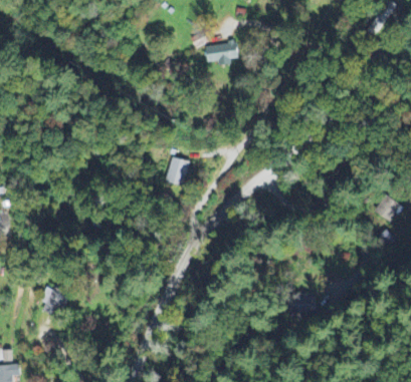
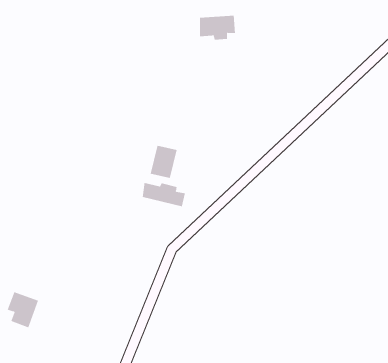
building: none -> [142,182,186,207]

